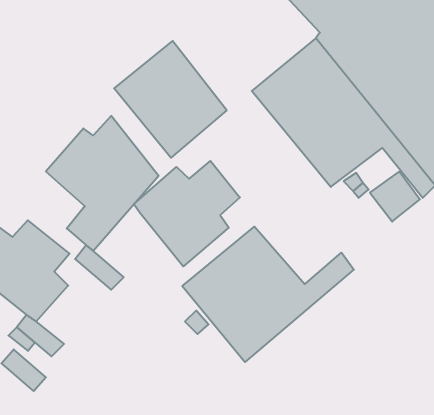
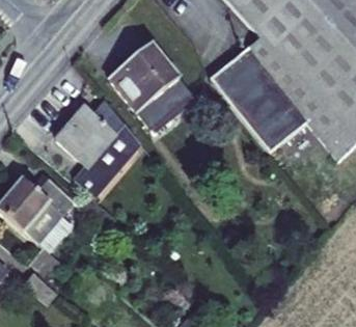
building: [134,161,240,266] -> none
building: [182,227,354,362] -> none

